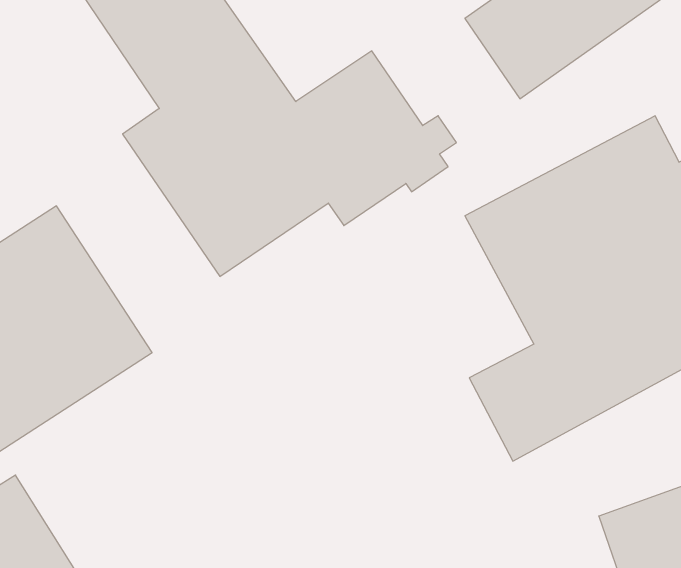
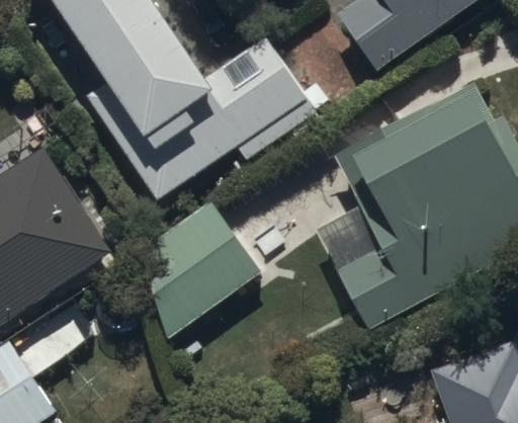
building: none -> [141,197,264,340]

